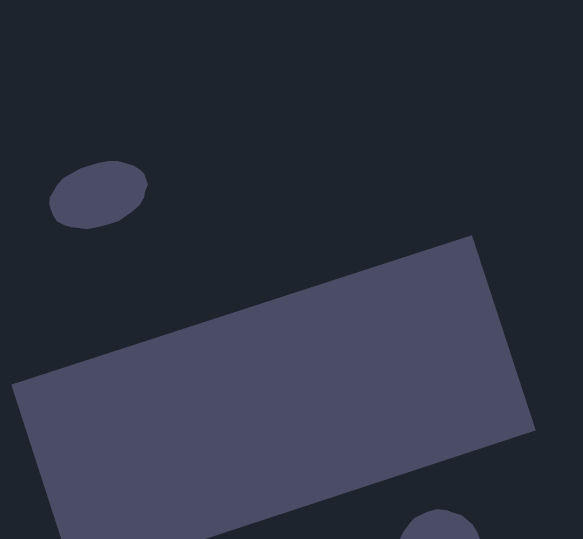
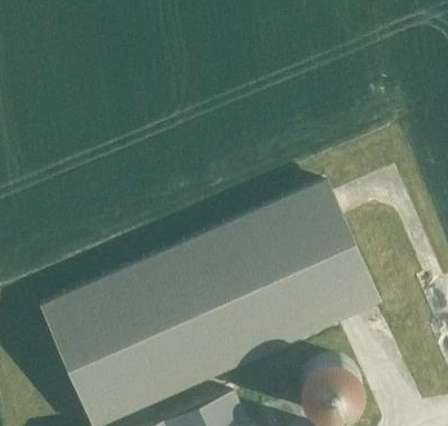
building: [49,160,149,230] -> none

